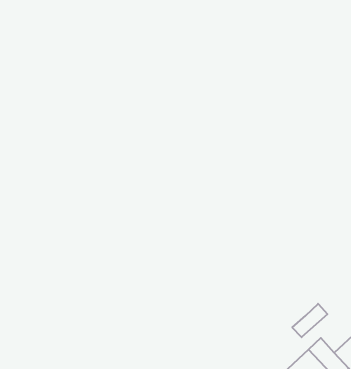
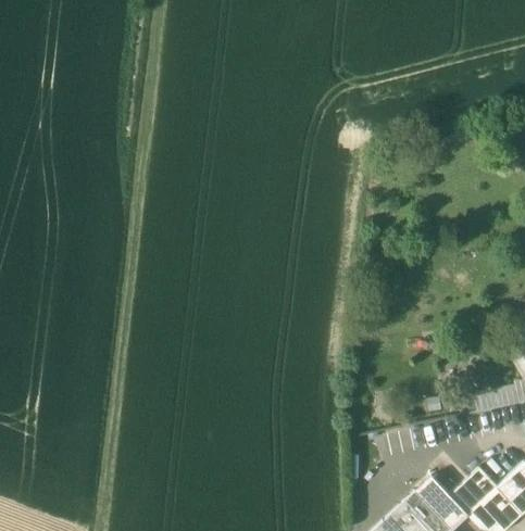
building: [292,304,327,337] -> none

